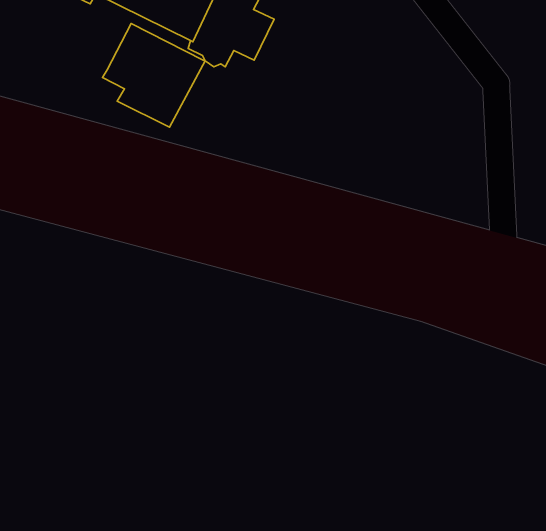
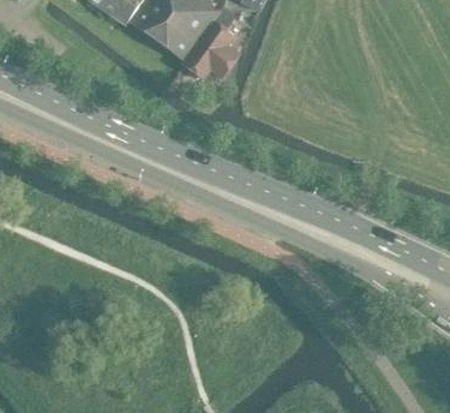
building: [103,23,205,127] -> none

